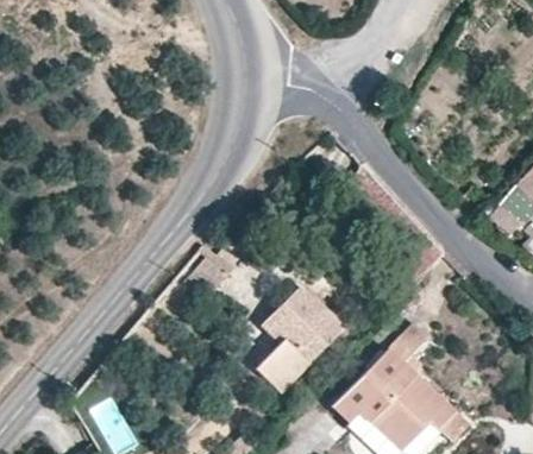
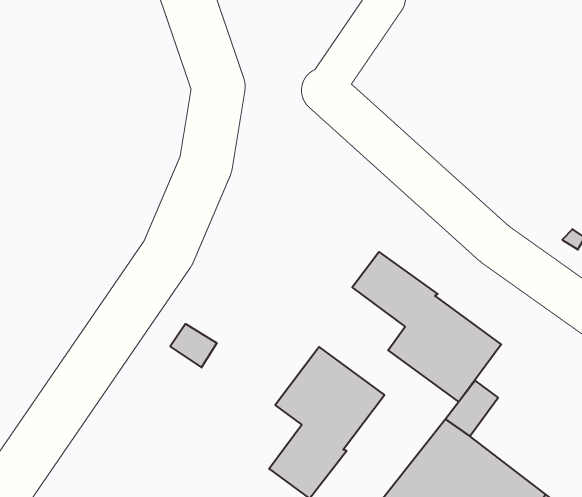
building: none -> [352,252,501,402]

